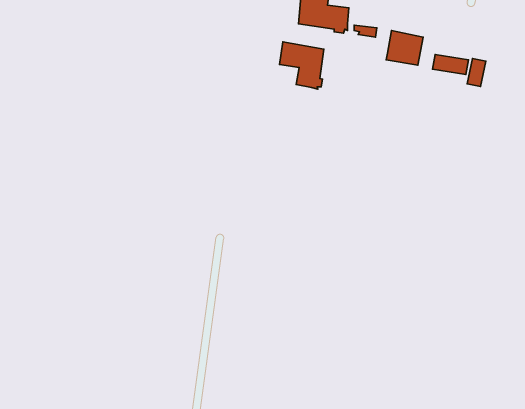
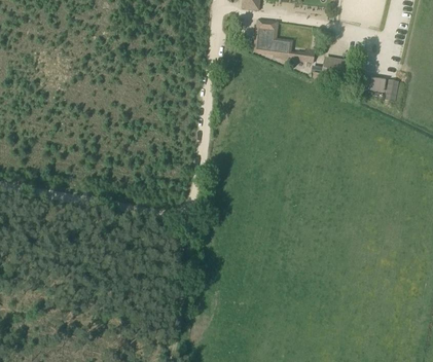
building: [280,42,324,89] -> none

